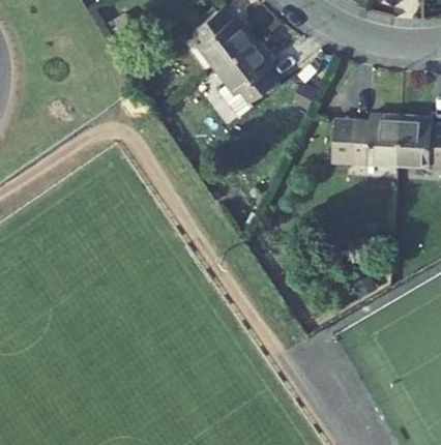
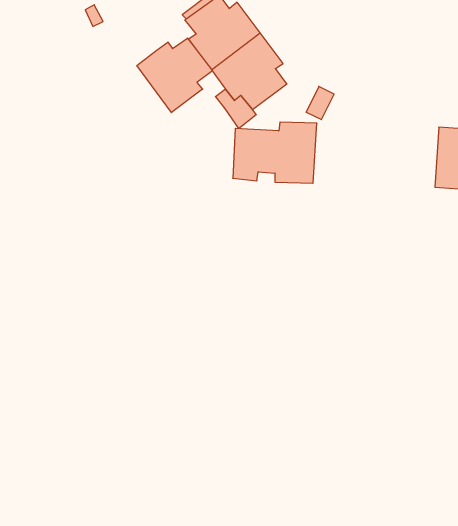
building: none -> [137,38,212,113]
building: [331,117,400,167] -> [233,122,317,183]

